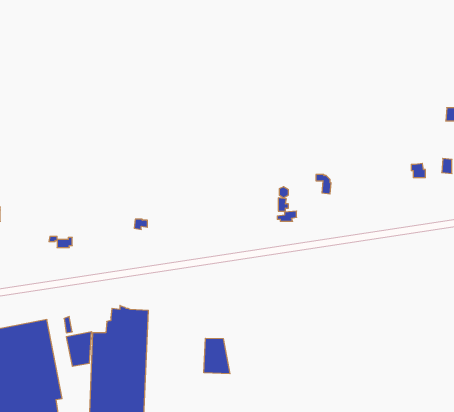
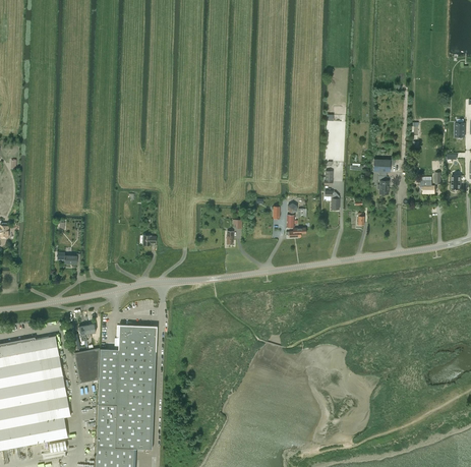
building: none -> [373,159,391,193]
building: [204,338,230,374] -> none

